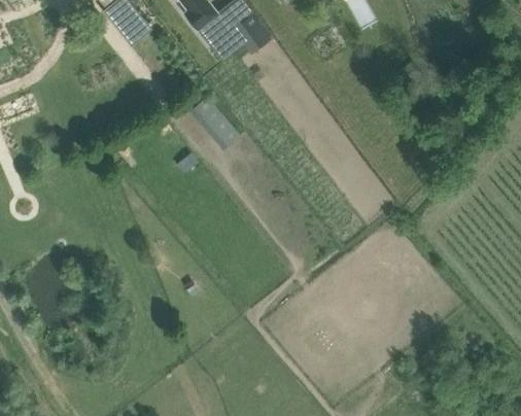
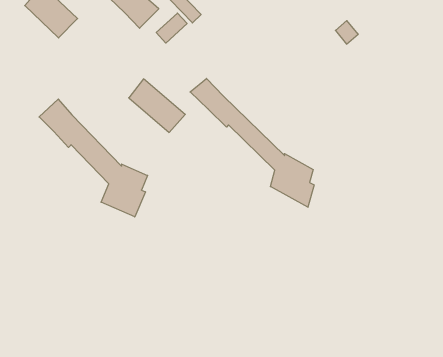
building: none -> [190,78,314,207]
building: none -> [39,99,148,217]

